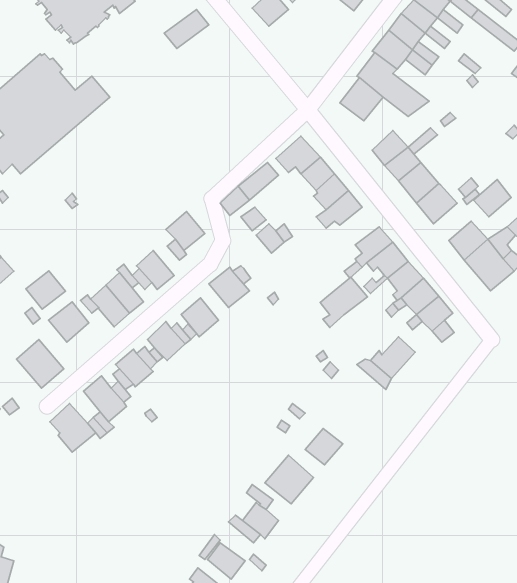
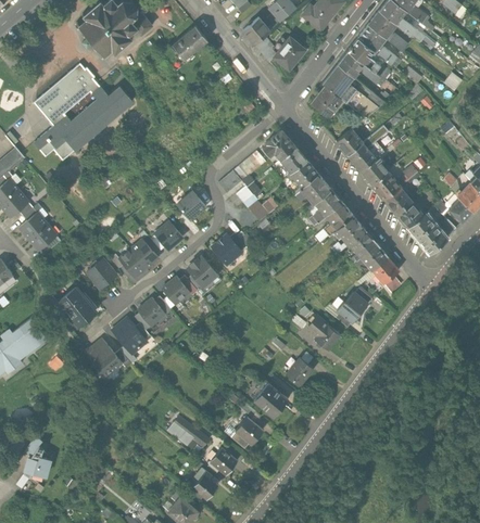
building: none -> [273,34,312,72]
building: [473,179,511,217] -> [383,182,413,212]
building: [26,271,65,309] -> none
building: [320,277,368,327] -> [304,186,341,225]
building: none -> [306,314,341,352]
building: none -> [165,417,205,449]

